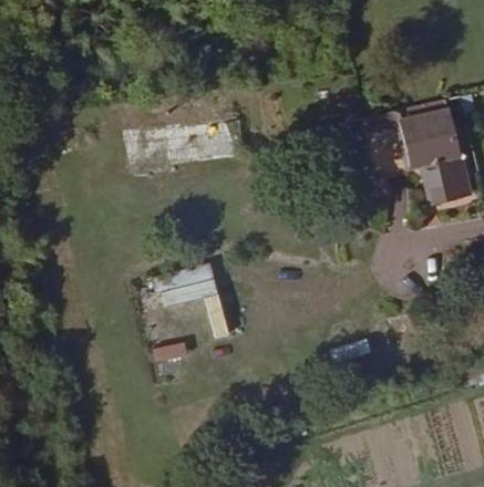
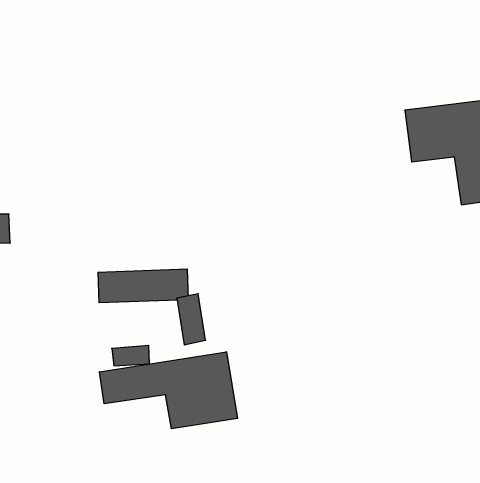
building: none -> [99,352,238,429]

